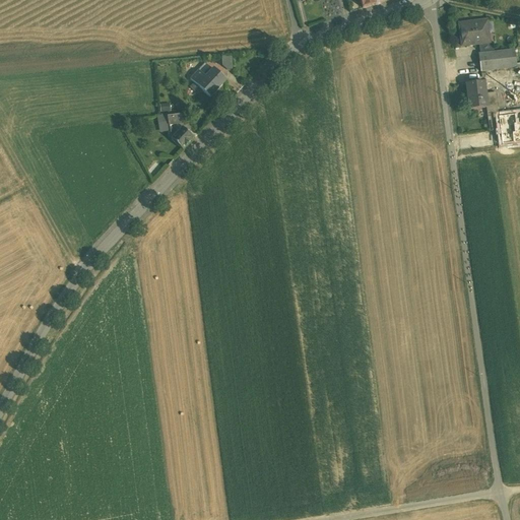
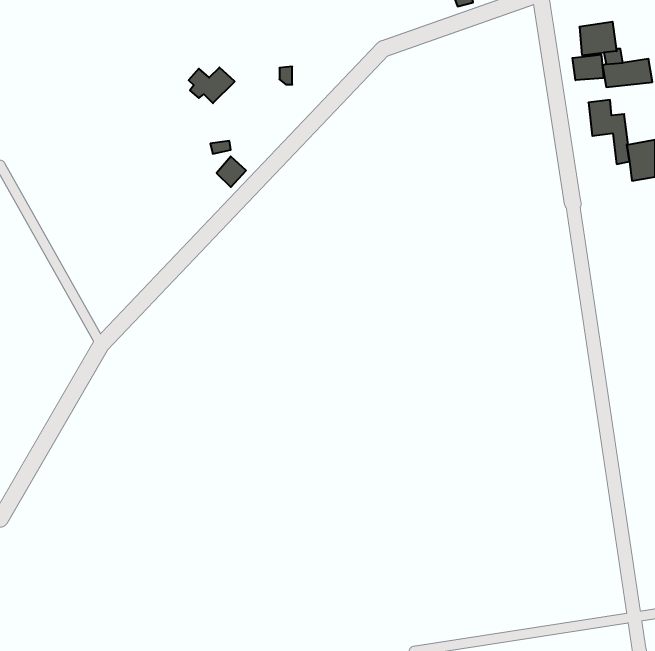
building: none -> [572,54,603,80]
building: [190,67,226,95] -> [189,67,235,103]

